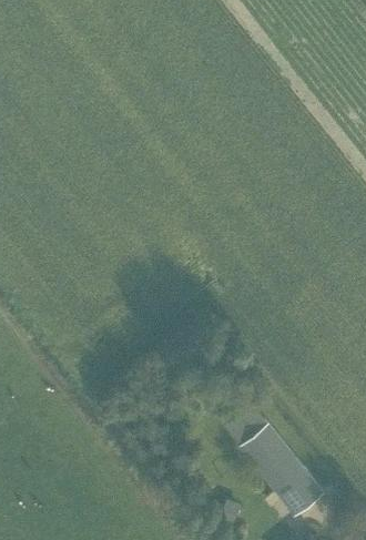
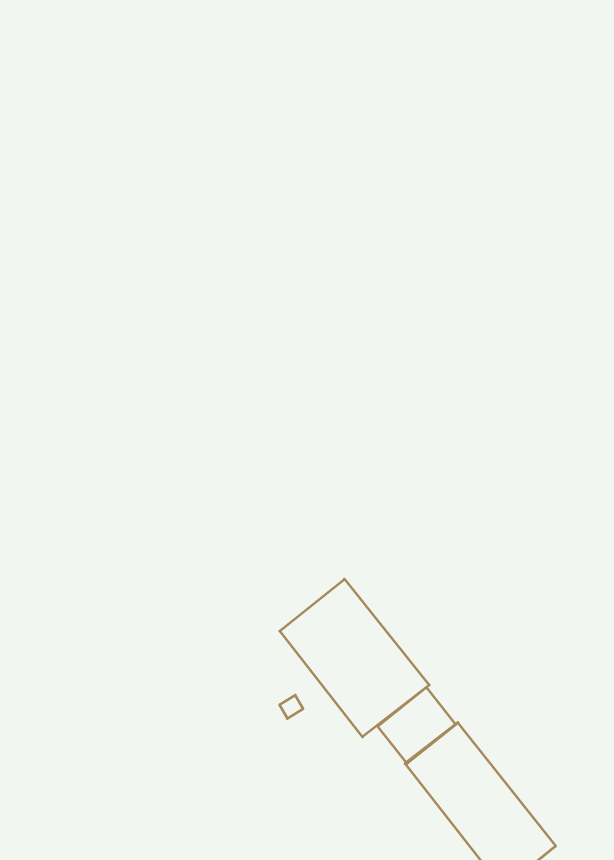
building: none -> [280,579,429,737]

